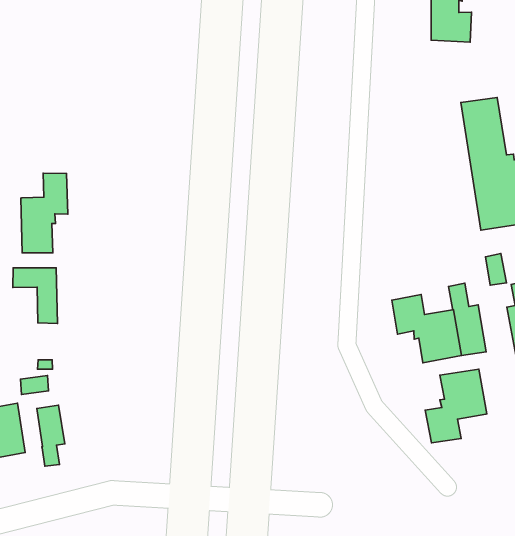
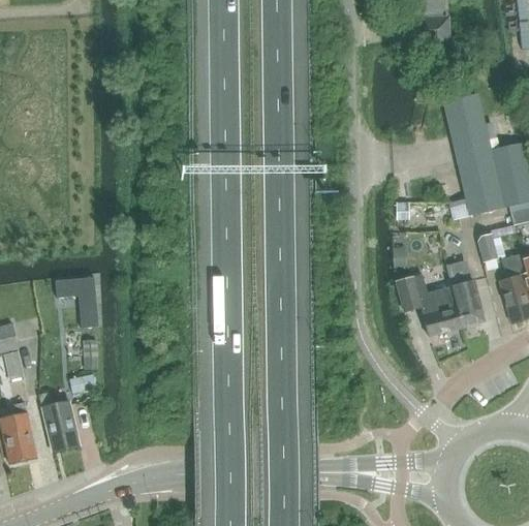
building: [21,173,68,253] -> none
building: [425,369,487,443] -> none
building: [37,405,65,466] -> none

